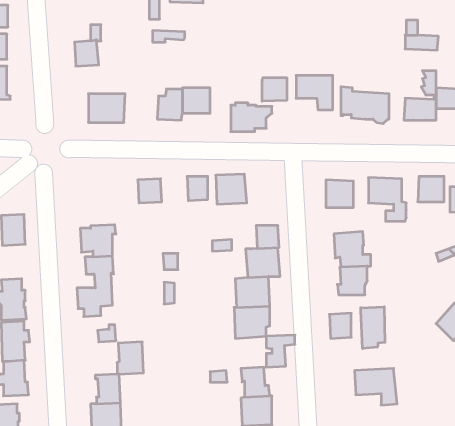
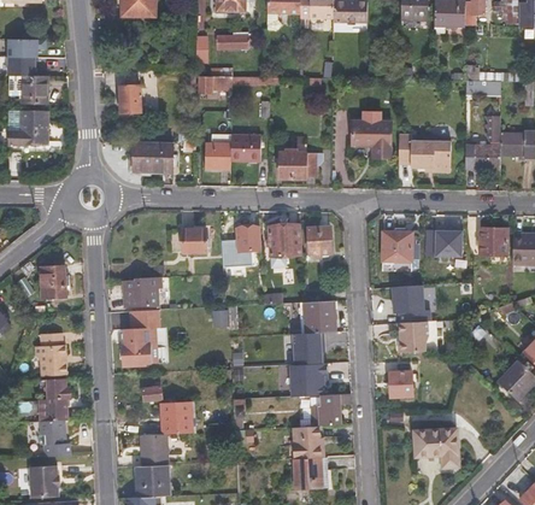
building: [262,78,287,101] -> none
building: [256,226,279,249] -> [307,228,331,252]
building: [361,307,385,349] -> none

